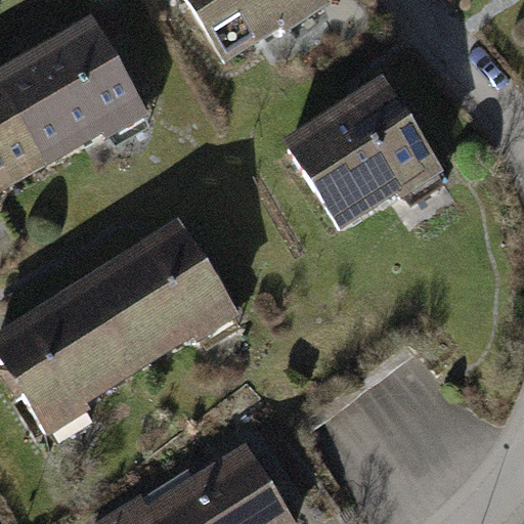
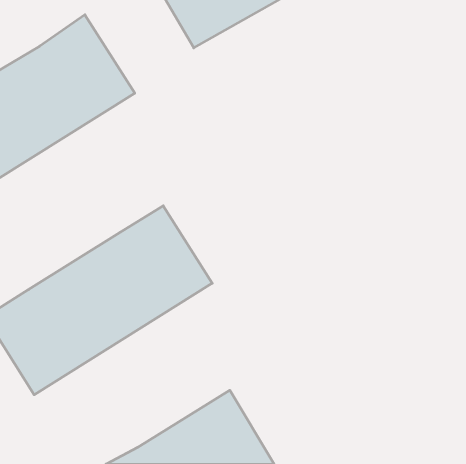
building: [280,76,437,222] -> none

